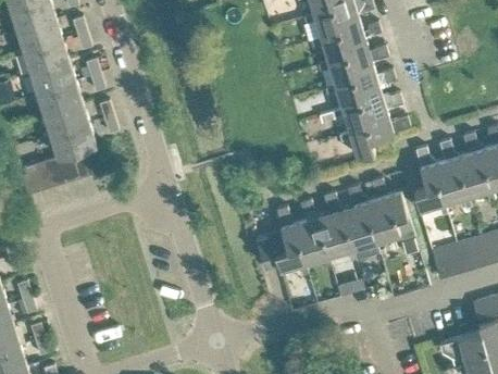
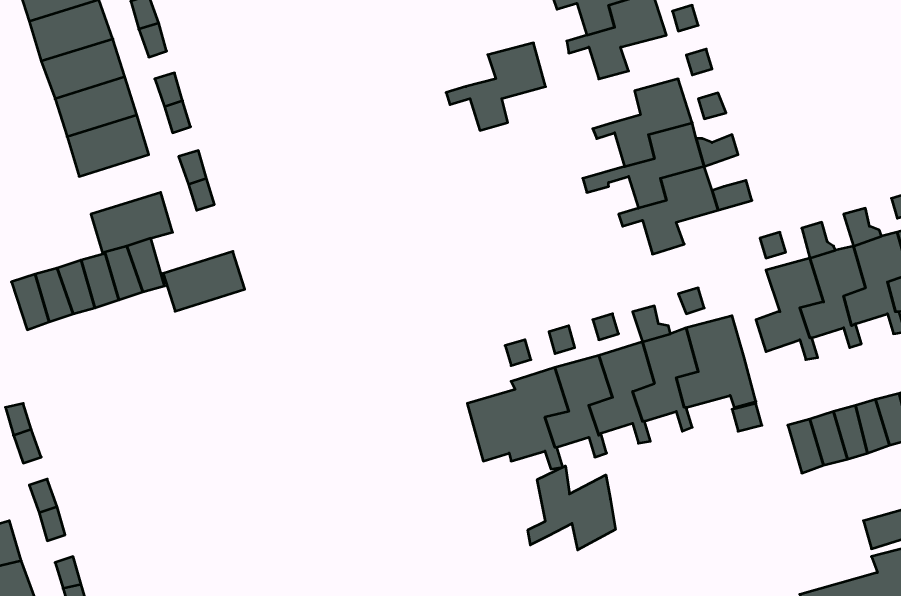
building: [318,38,372,86] -> [446,43,546,130]
building: [45,103,89,136] -> [163,251,245,311]
building: none -> [528,466,615,550]

